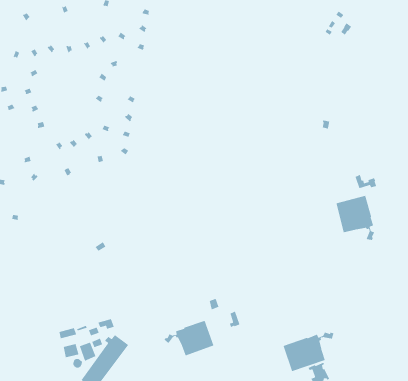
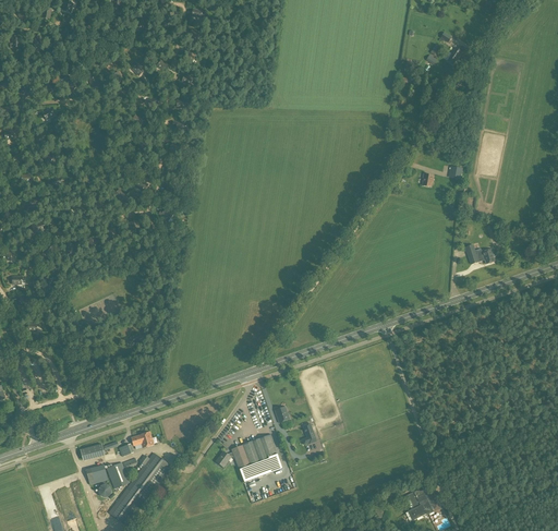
building: [335,195,375,241] -> none
building: [282,332,334,372] -> none

